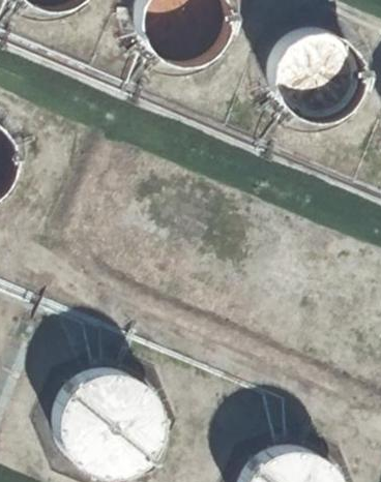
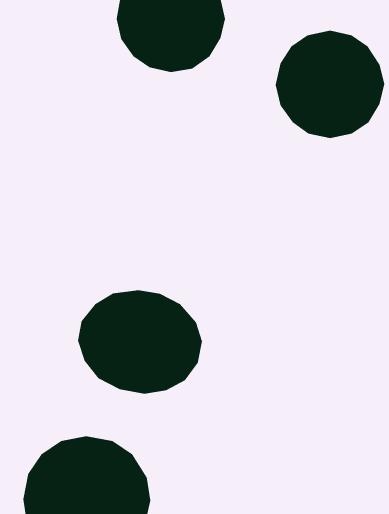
building: none -> [77,290,203,395]

